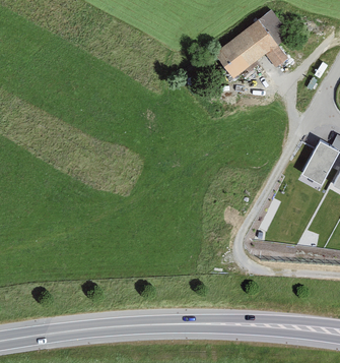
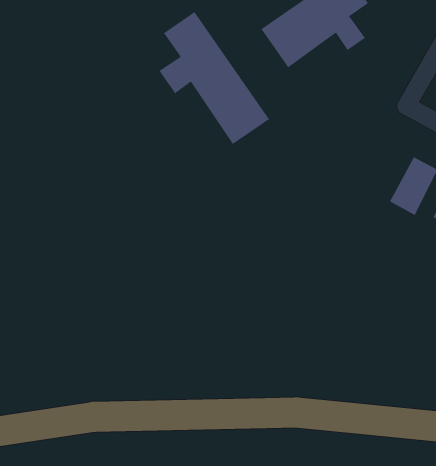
building: none -> [159,11,270,145]

